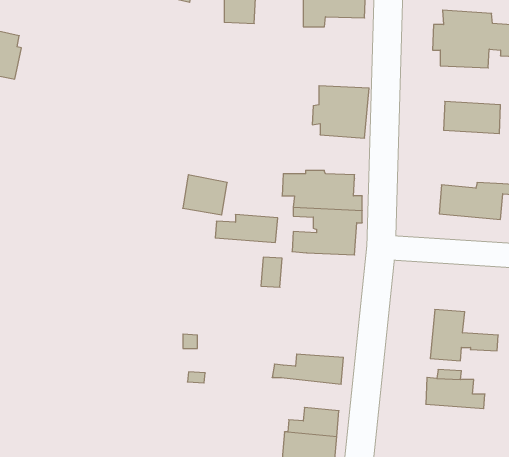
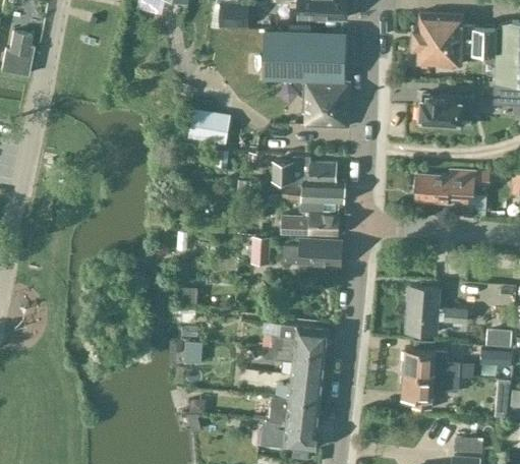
building: none -> [263,32,346,80]
building: [183,175,227,215] -> [188,109,229,146]
building: [215,215,278,242] -> [284,240,341,266]
building: none -> [262,348,325,379]
building: none -> [400,372,455,409]

